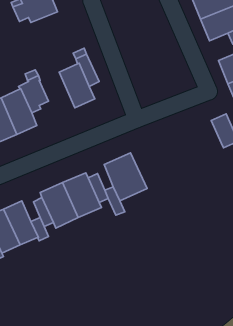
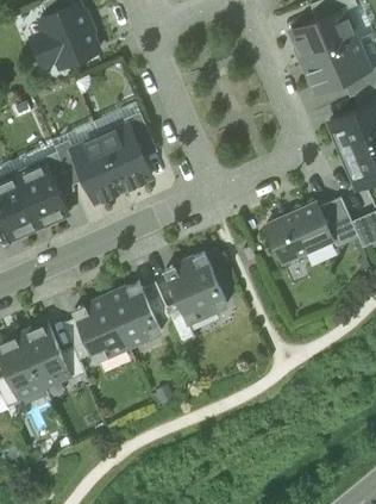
building: none -> [71,137,123,200]
building: none -> [264,201,332,261]

